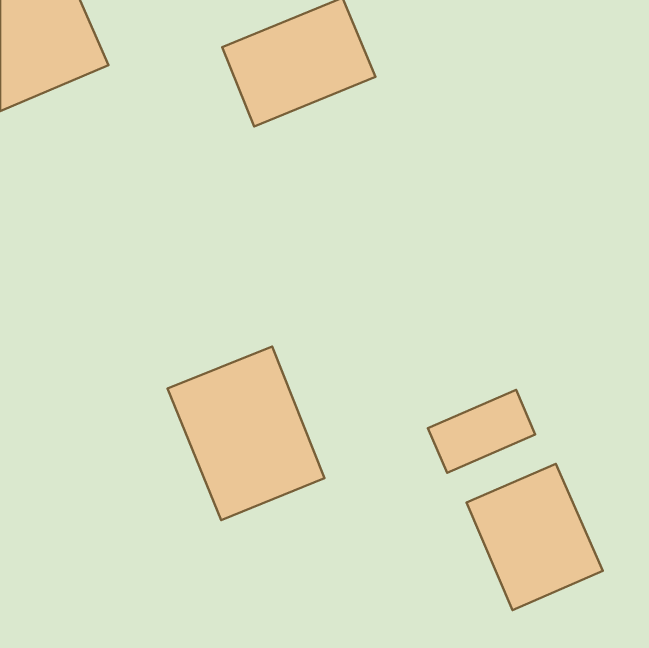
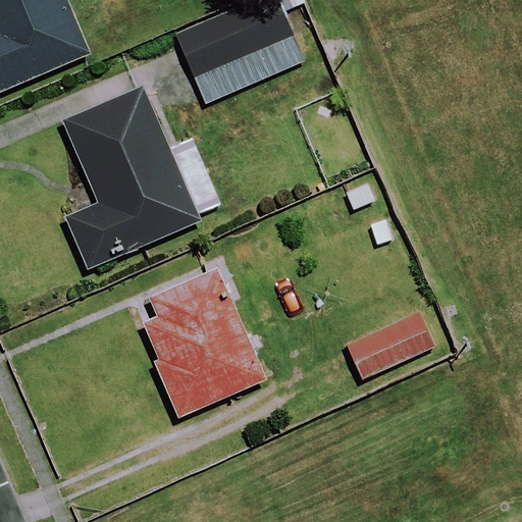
building: none -> [65,91,198,265]
building: [466,464,603,610] -> none

